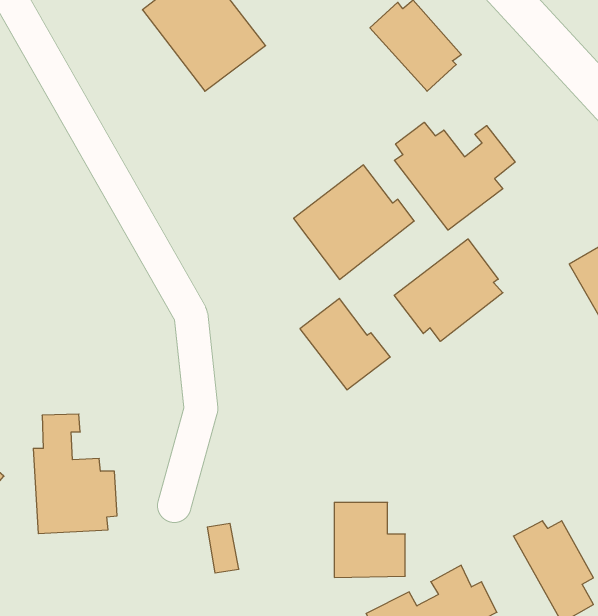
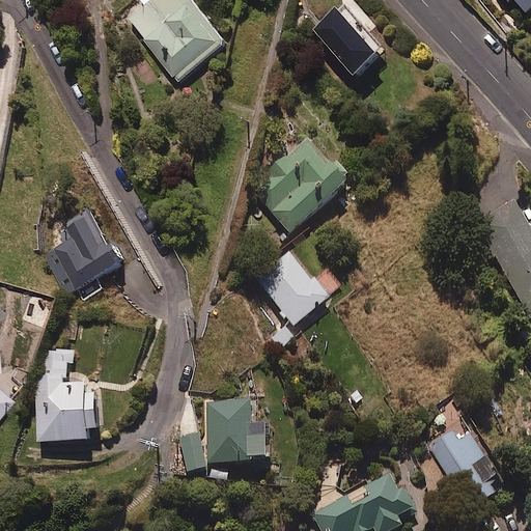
building: [394,122,515,230] -> none
building: [394,239,503,341] -> none
building: none -> [44,207,125,292]
building: [334,502,405,577] -> [205,404,263,466]

